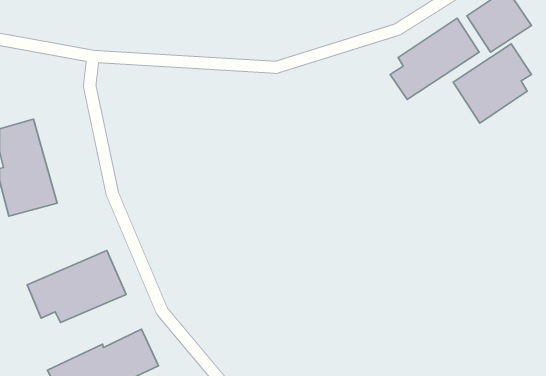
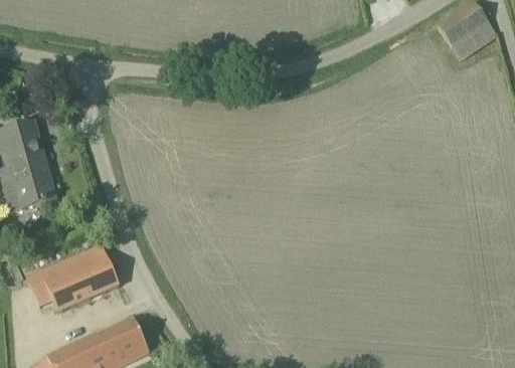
building: [390,18,479,99] -> none
building: [453,44,532,123] -> none

